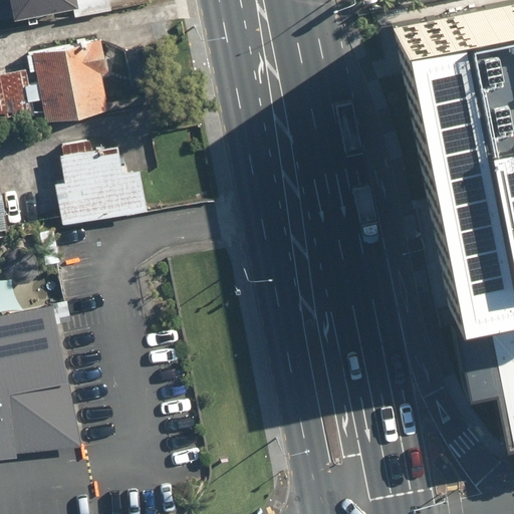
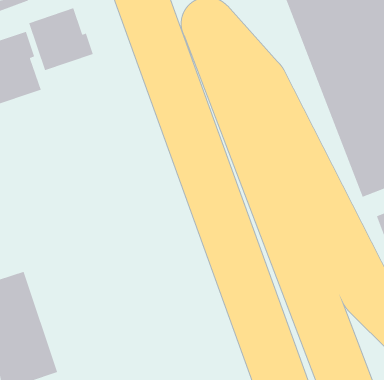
building: none -> [28,7,94,71]
building: [55,150,146,225] -> none

